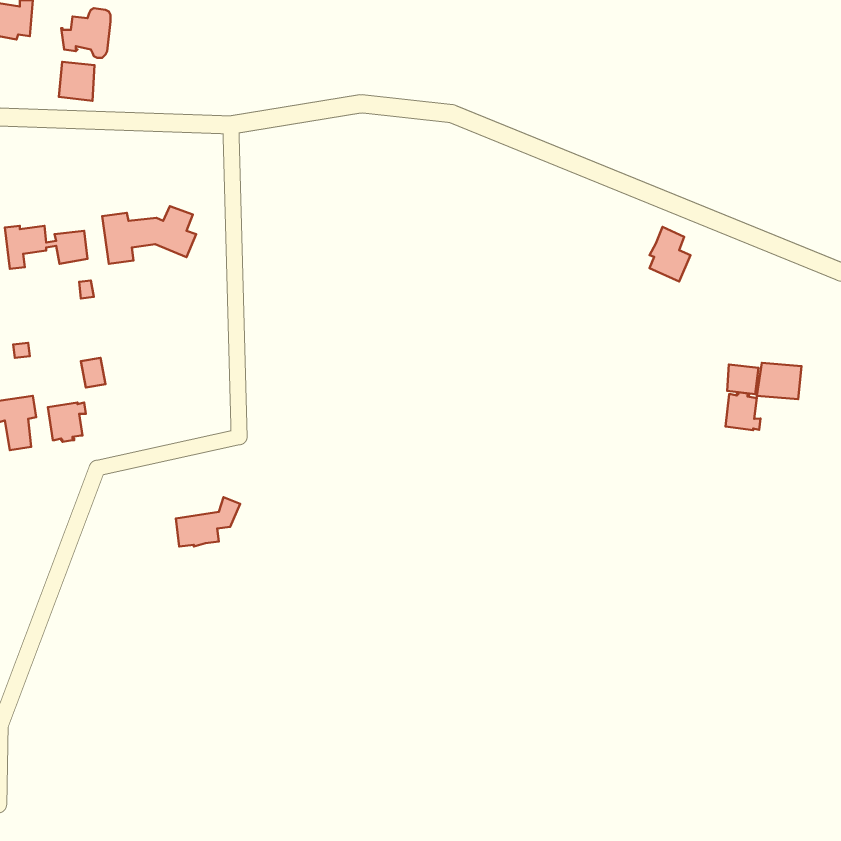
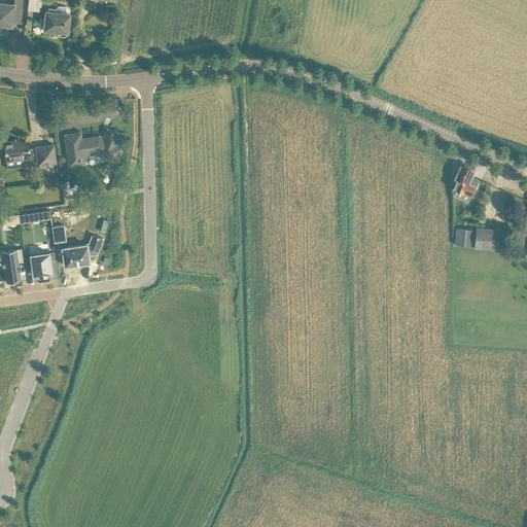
building: [59,62,95,101] -> none
building: [649,227,691,281] -> [452,163,478,197]
building: [726,392,760,430] -> none
building: [176,497,240,547] -> [62,235,102,266]

